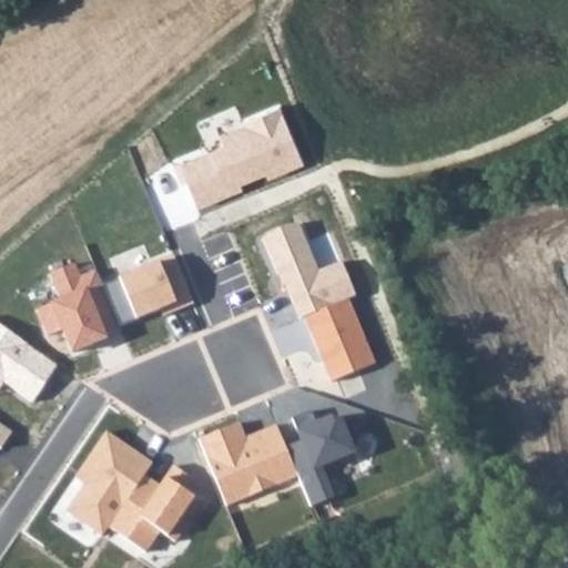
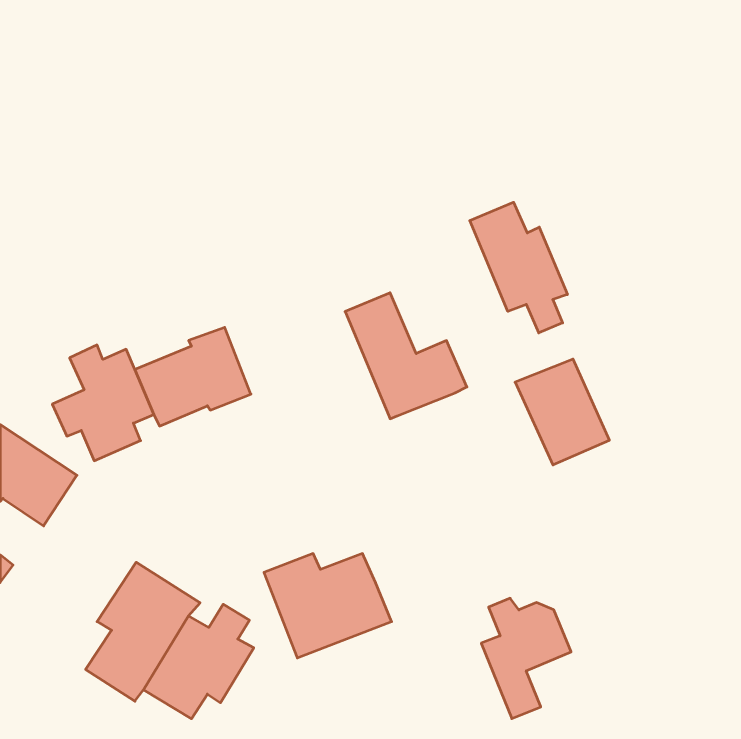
building: [181,102,303,206] -> none
building: none -> [470,202,567,333]
building: [304,301,376,382] -> [515,359,609,465]
building: [287,412,356,504] -> [481,598,571,719]

